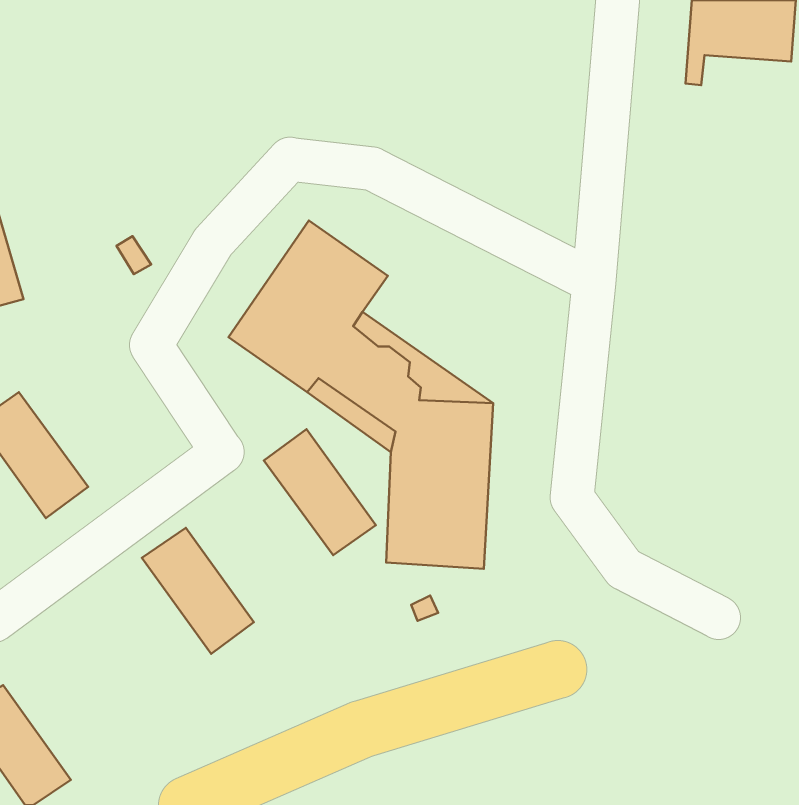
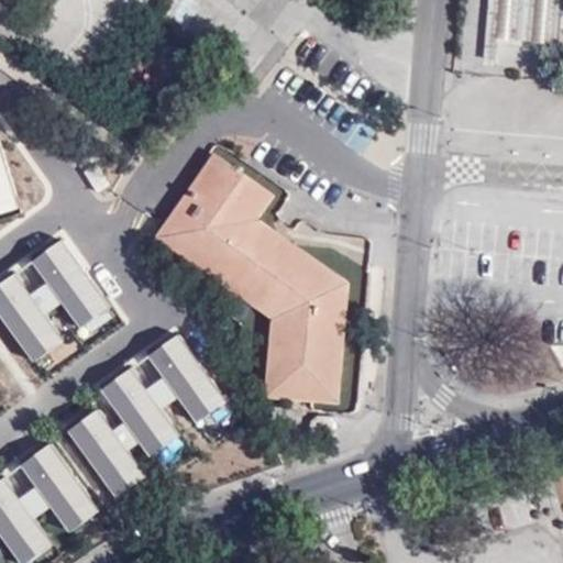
building: none -> [30,240,108,327]
building: [264,429,376,555] -> [146,334,224,422]
building: none -> [66,409,144,497]
building: none -> [19,444,97,532]

